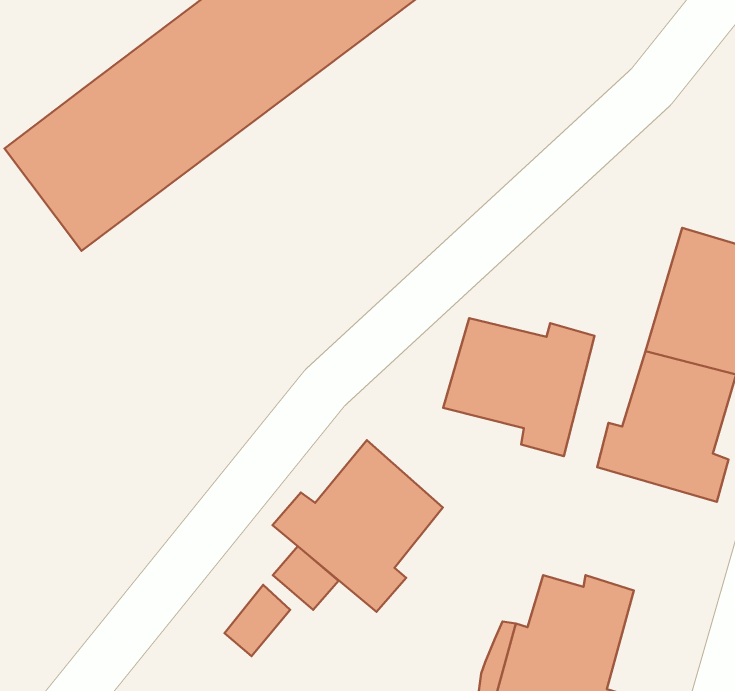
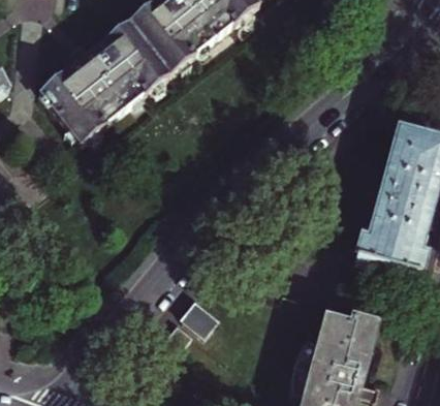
building: [443,318,595,456] -> none
building: [273,440,443,612] -> none

